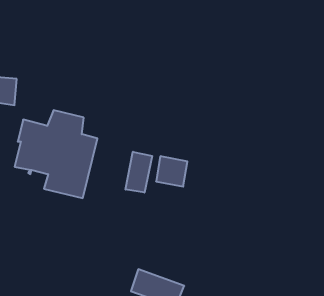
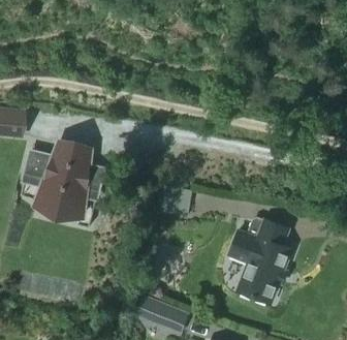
building: [126,152,152,193] -> none
building: none -> [230,220,292,305]

